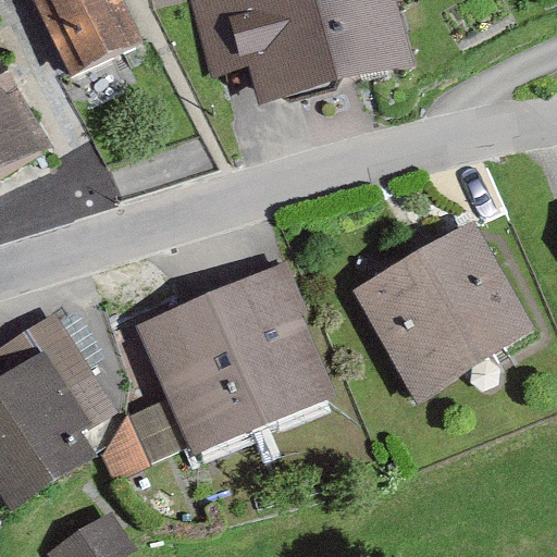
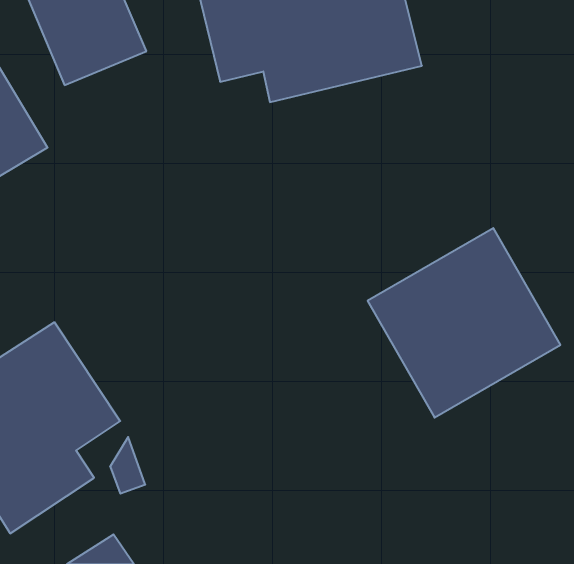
building: [139,265,334,456] -> none

